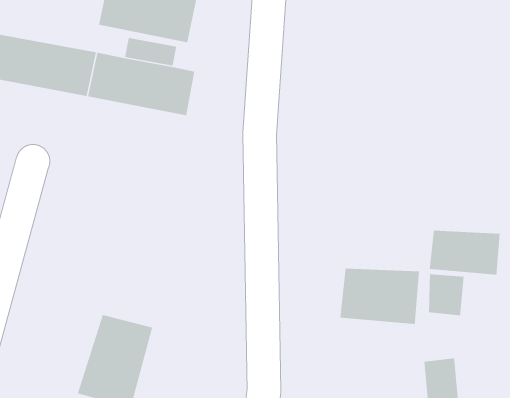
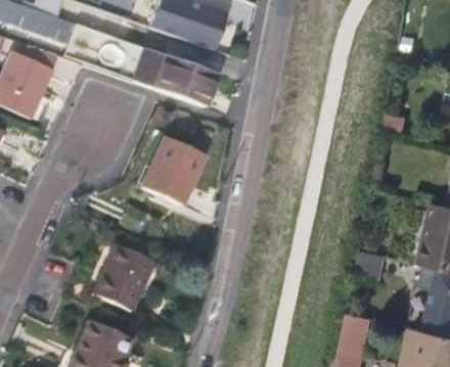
building: none -> [140,138,199,204]
building: [429,230,500,275] -> none
building: [340,268,420,325] -> none

